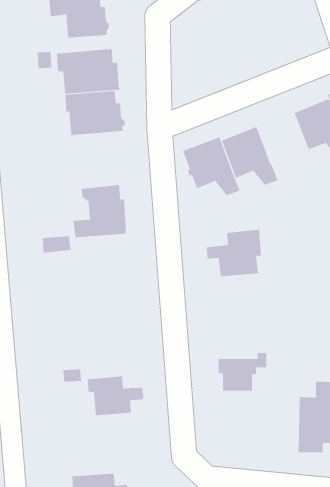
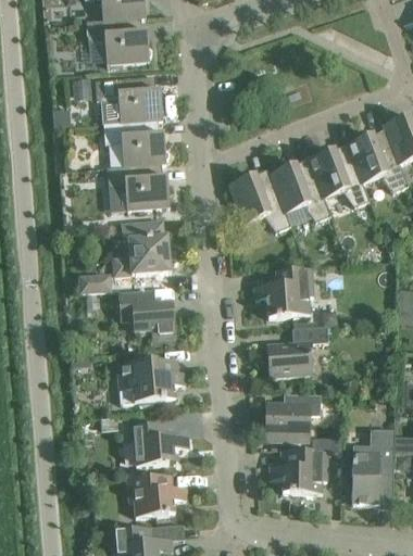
building: none -> [308,143,368,206]
building: none -> [107,163,170,210]
building: none -> [117,290,175,339]
building: none -> [267,325,328,376]
building: none -> [116,358,186,405]
building: none -> [268,450,327,493]
building: none -> [126,475,187,516]

